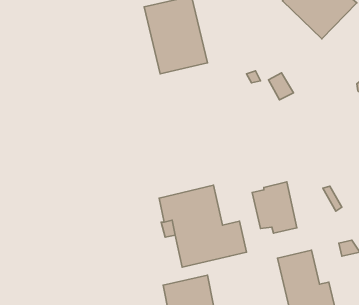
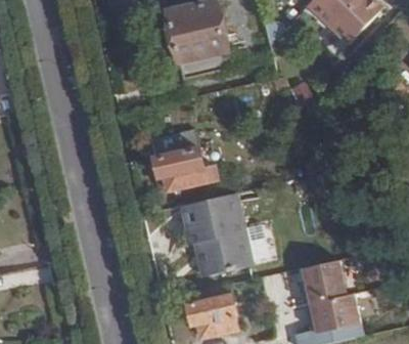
building: none -> [151,132,218,192]
building: [252,182,297,233] -> none

